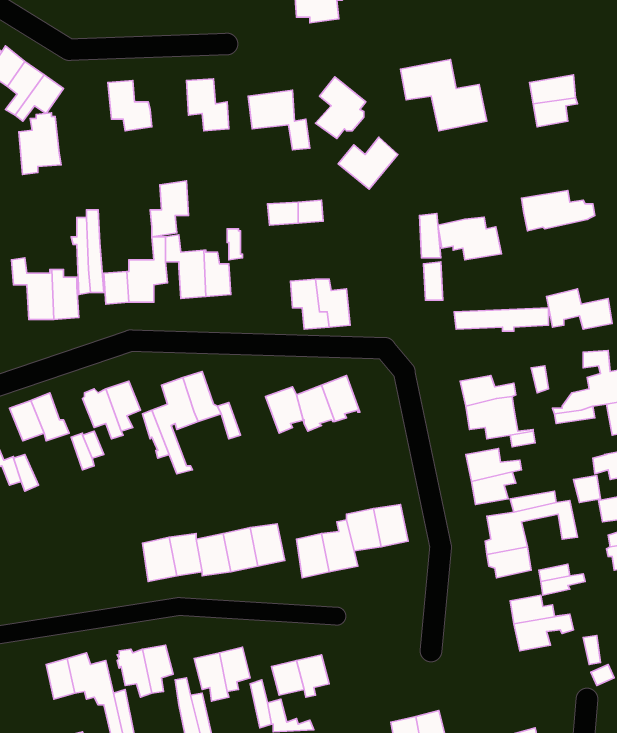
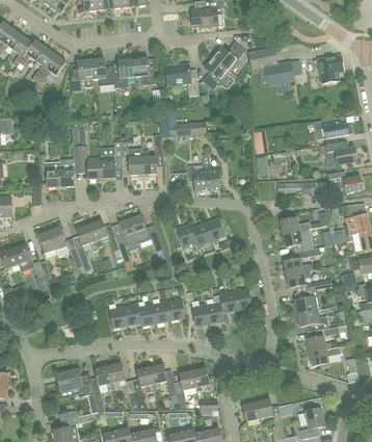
building: [19,113,61,174] -> [70,57,92,90]
building: [338,137,398,189] -> [212,42,244,70]
building: [150,181,189,237] -> [112,58,133,88]
building: [438,217,501,260] -> [322,141,356,164]

